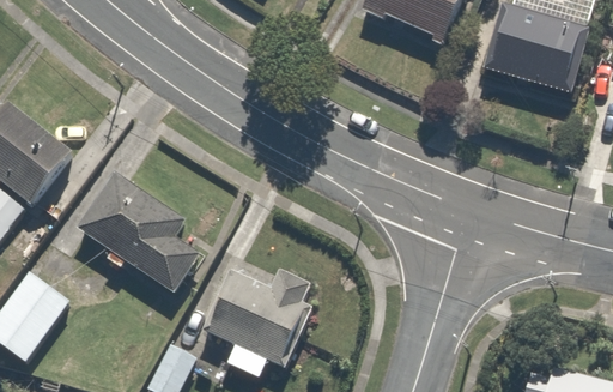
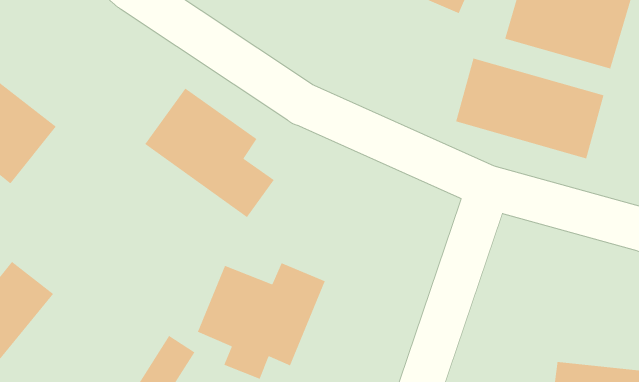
building: none -> [455,58,605,159]
building: [75,174,194,293] -> [144,87,275,218]

